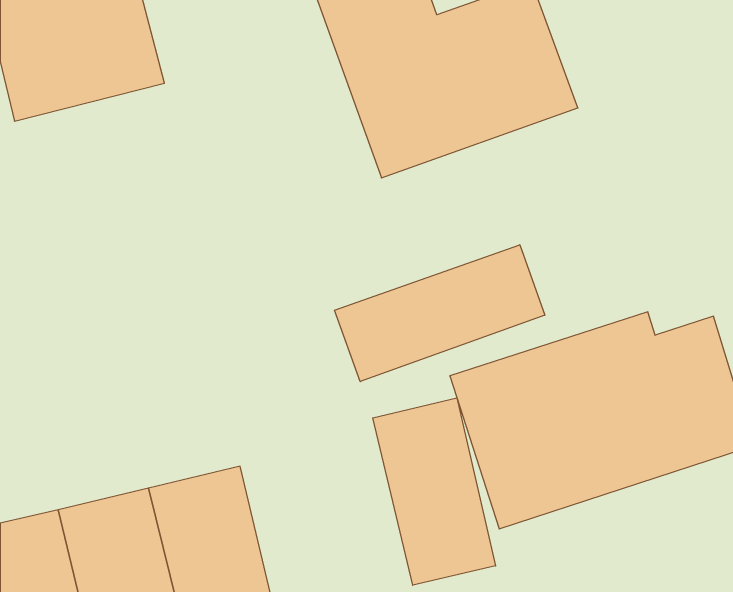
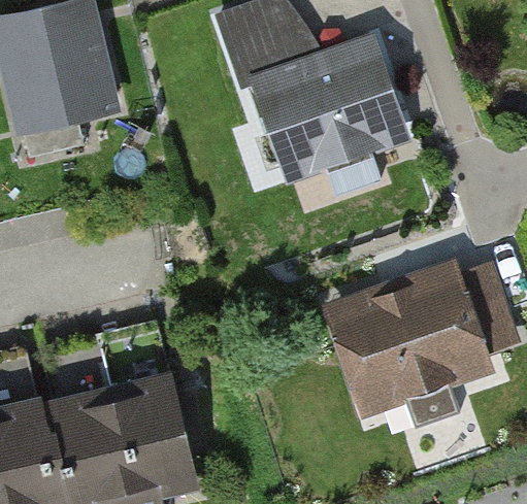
building: [335,245,545,382] -> none
building: [373,398,496,585] -> none

